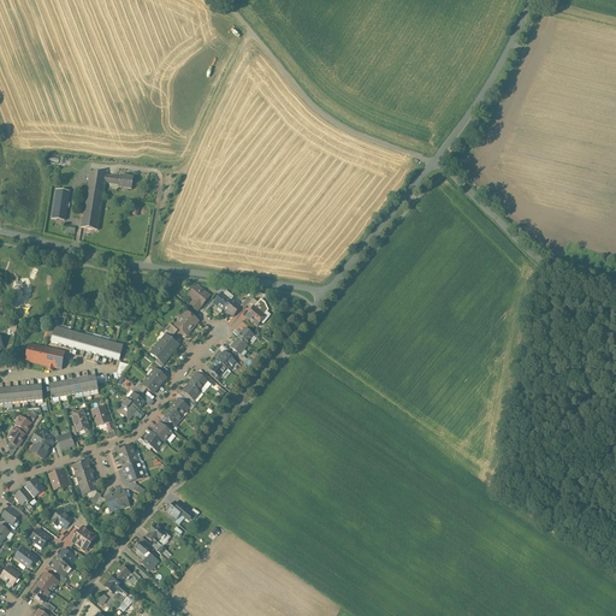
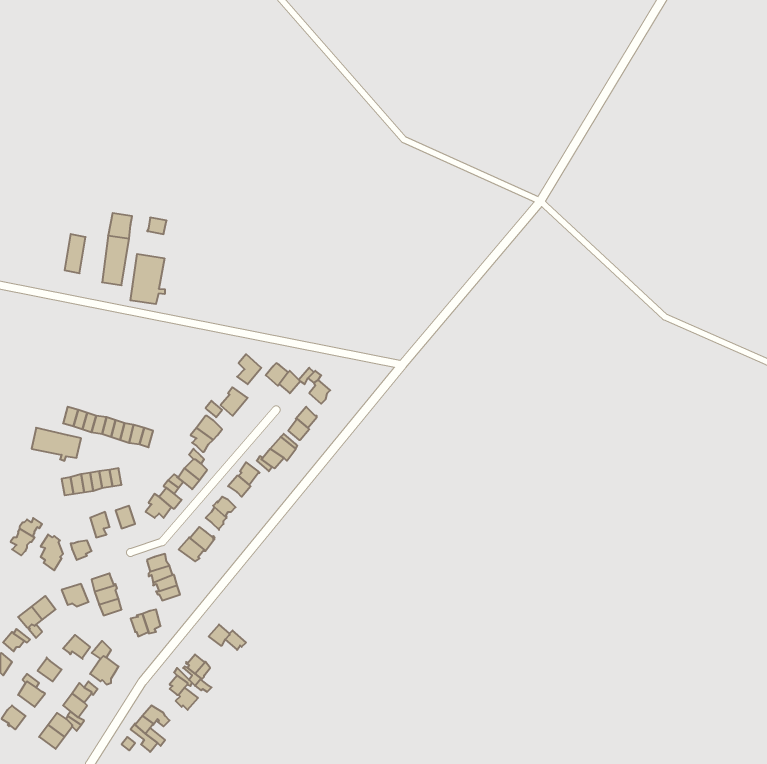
building: none -> [130,254,165,304]

